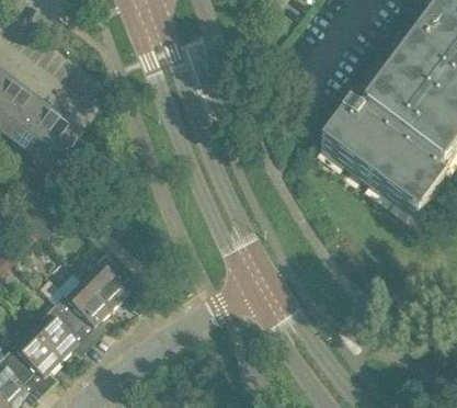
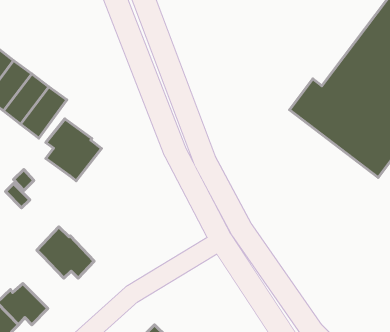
building: none -> [46,119,102,181]
building: [83,250,136,307] -> none
building: [32,302,77,359] -> none

